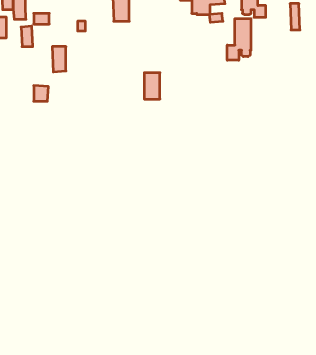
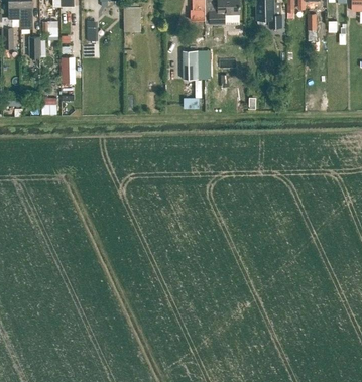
building: [227,19,251,60] -> none
building: [144,73,160,99] -> [185,53,201,81]

